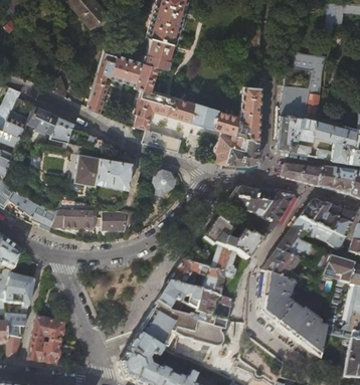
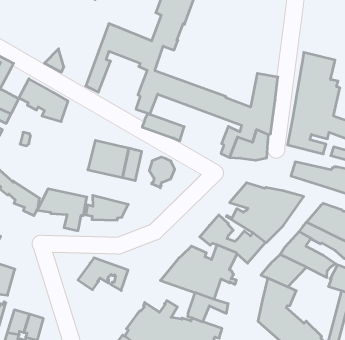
building: [74,153,101,195] -> none
building: [156,280,201,310] -> [78,258,128,291]

